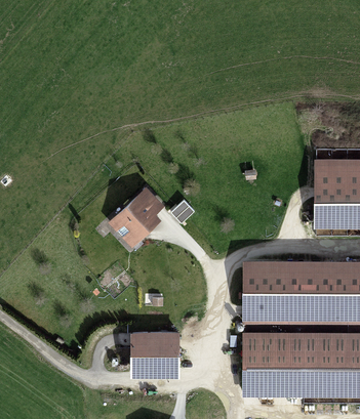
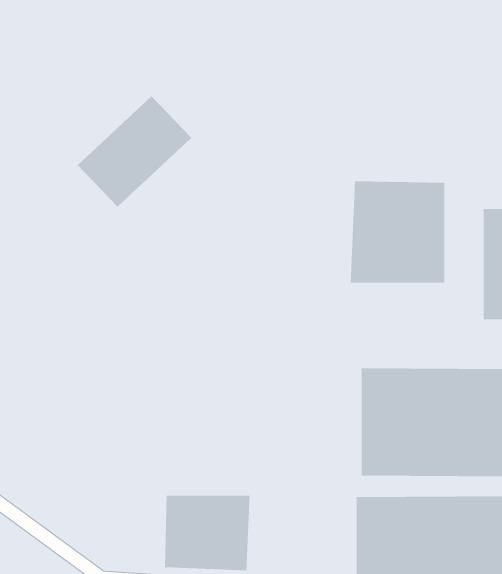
building: none -> [350,181,445,283]
building: [104,184,173,252] -> [77,96,192,207]

